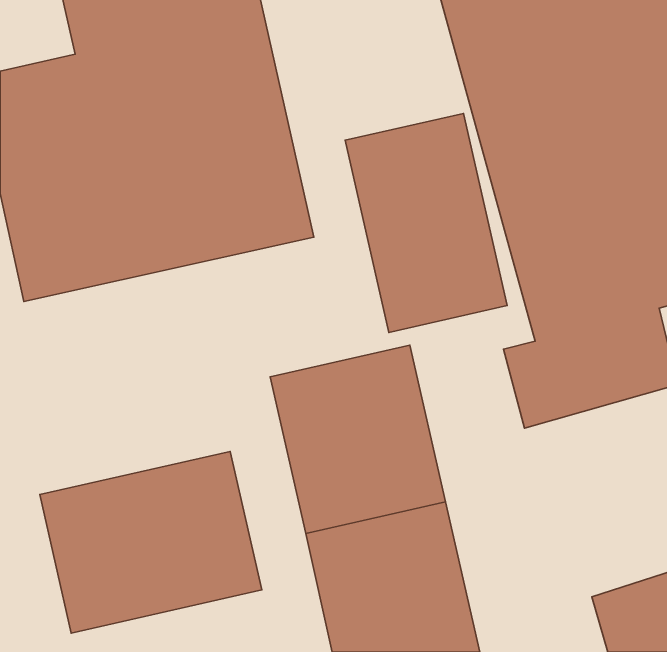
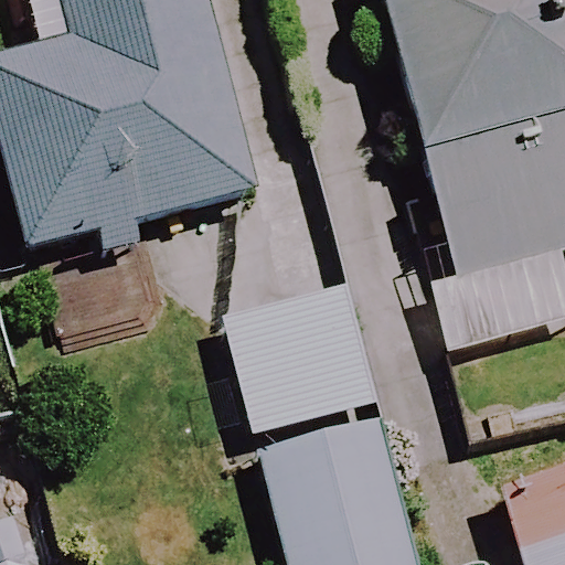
building: [345,113,507,333] -> none
building: [40,451,262,633] -> none

